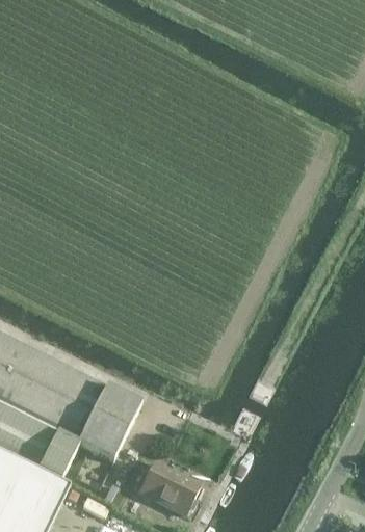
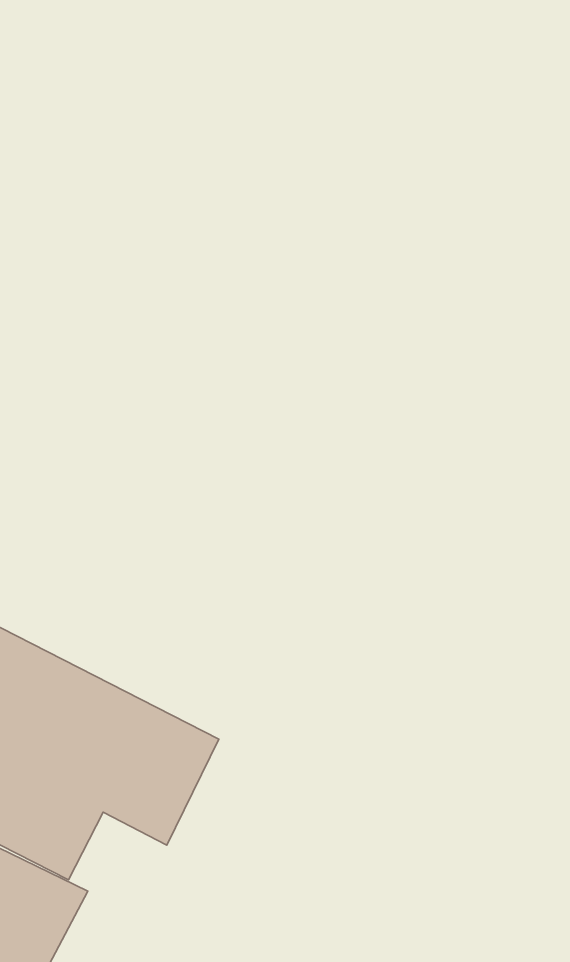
building: [137,462,198,514] -> none

